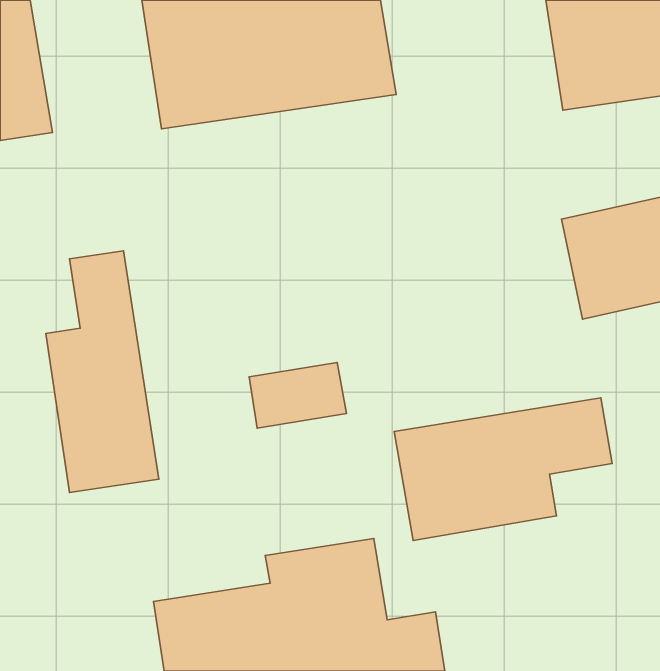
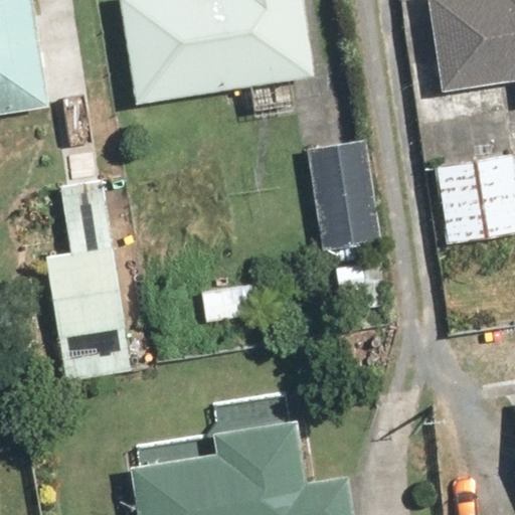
building: none -> [311,145,386,255]
building: [394,398,612,541] -> none

